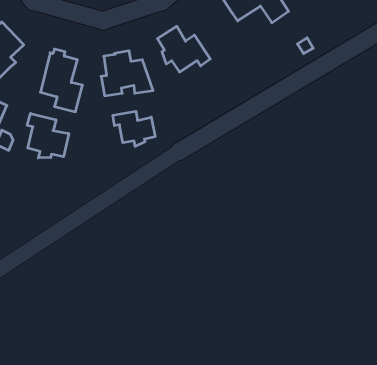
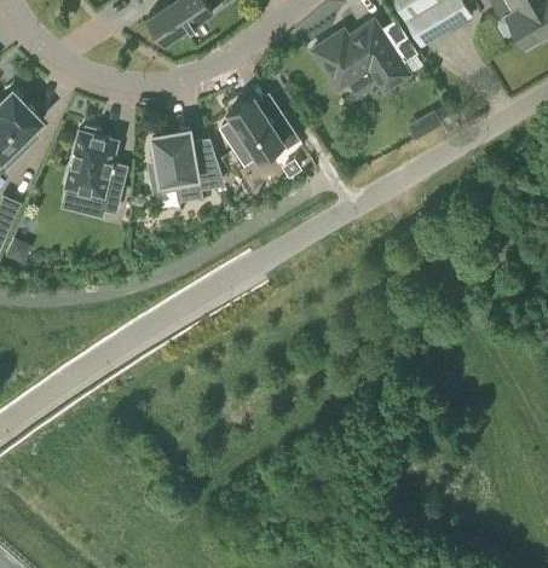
building: [113,111,155,146] -> none
building: [27,113,69,158] -> none

